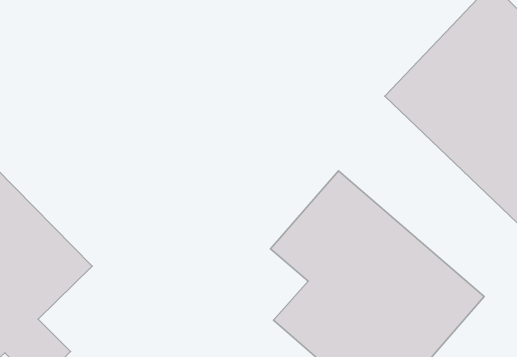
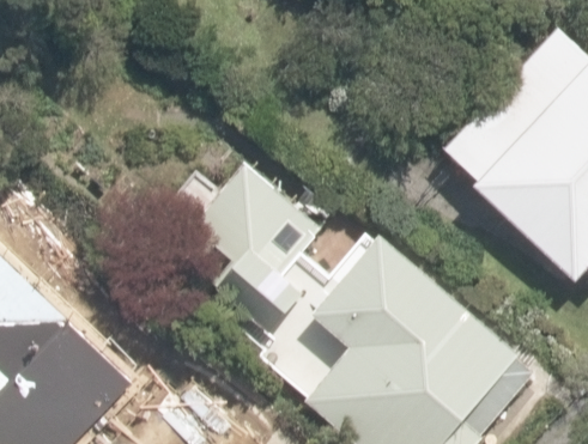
building: none -> [157,138,344,321]

